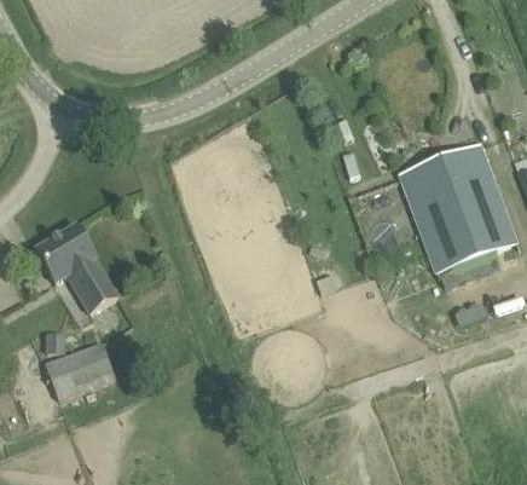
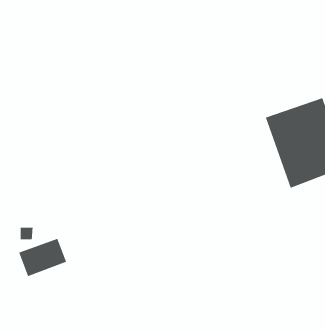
building: [34,224,115,312] -> none

